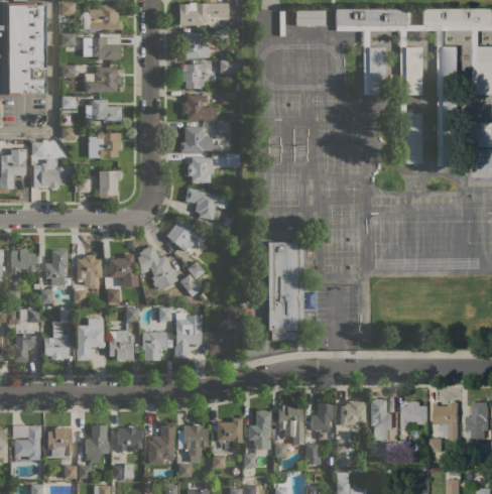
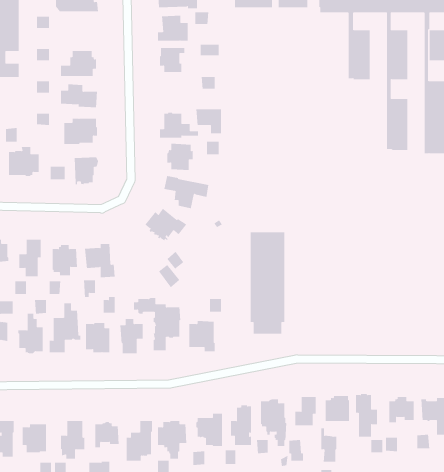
building: [84,37,120,59] -> none
building: [182,95,207,120] -> none
building: [137,245,177,289] -> none

